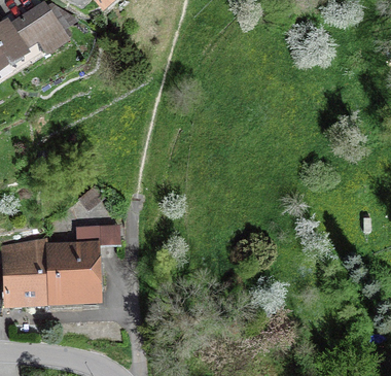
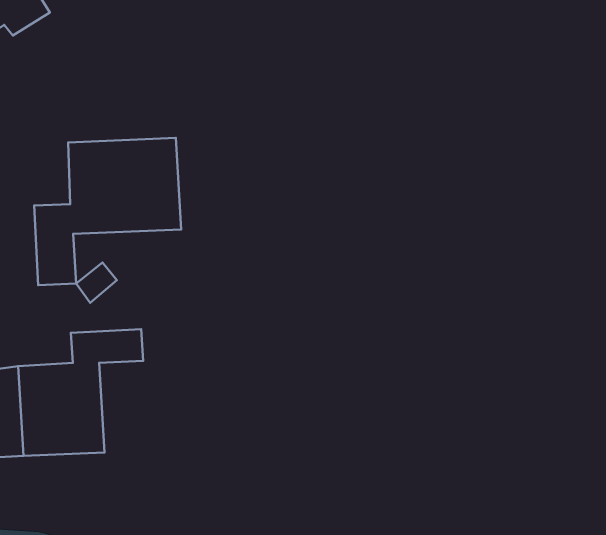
building: none -> [34,138,181,285]

